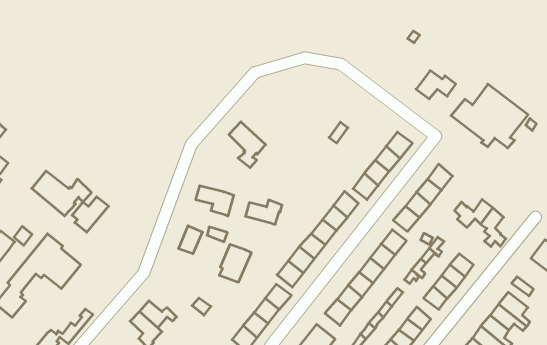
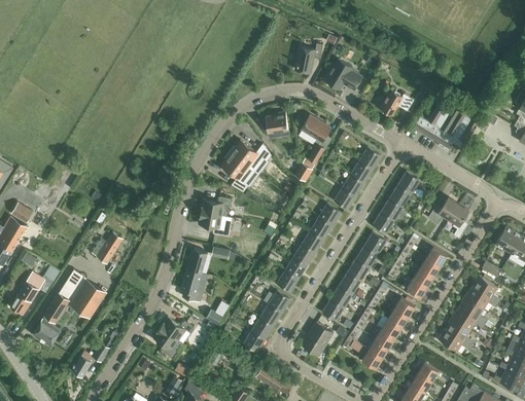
building: none -> [293,43,321,73]
building: none -> [324,59,360,90]
building: none -> [260,112,287,138]
building: none -> [301,115,329,142]
building: none -> [230,141,270,171]
building: [32,171,91,216] -> none
building: [245,200,282,224] -> [200,196,231,217]
building: [219,244,251,282] -> [181,269,207,301]

